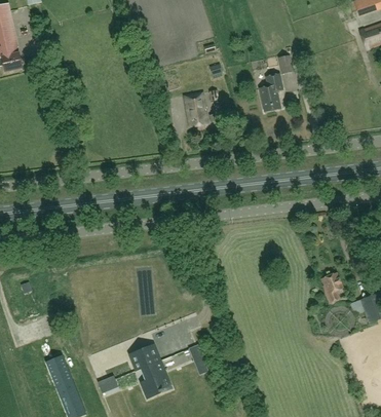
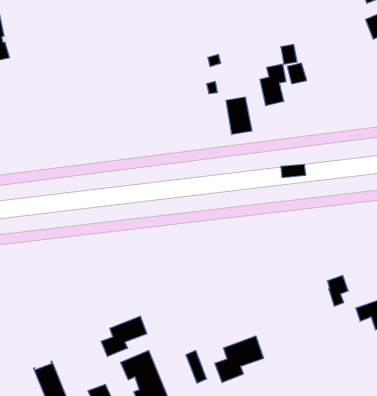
building: [184,91,208,126] -> [226,97,252,134]
building: none -> [101,316,147,357]
building: none -> [215,336,264,383]

